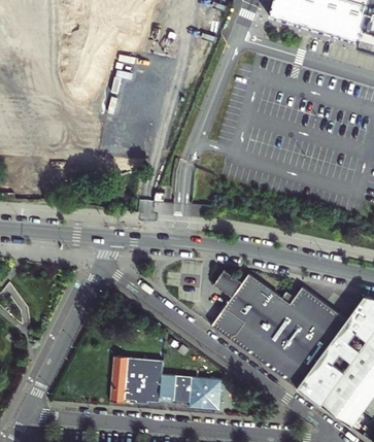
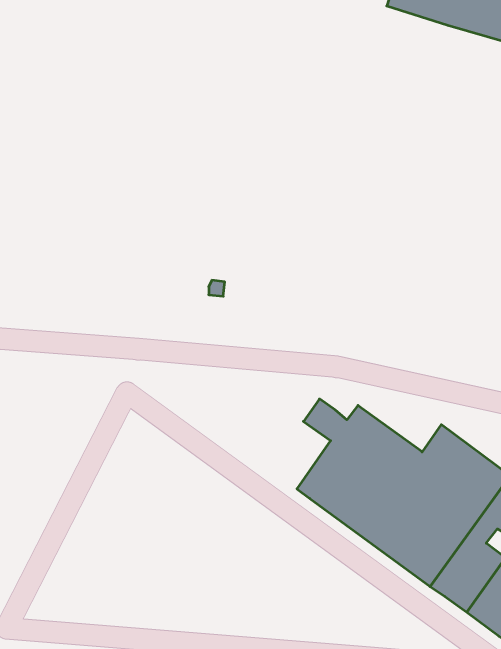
building: [110,358,223,411] -> none

